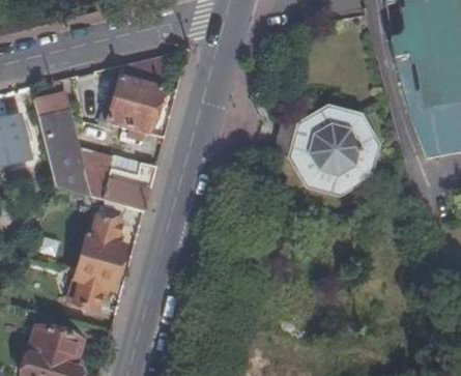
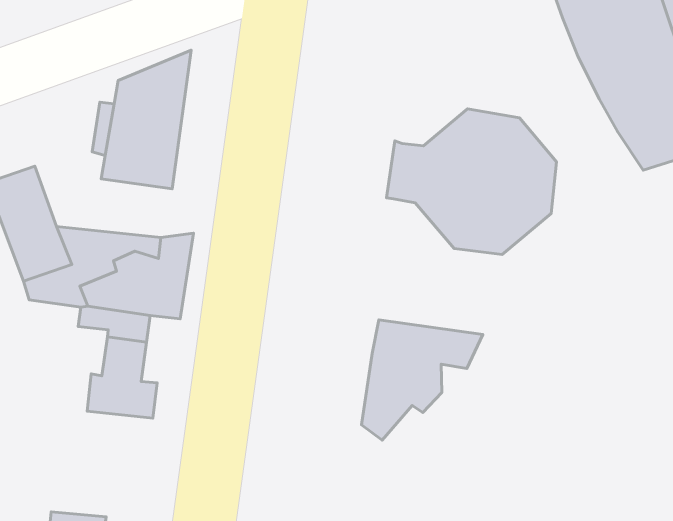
building: none -> [362,320,483,440]
building: [76,257,120,307] -> none

